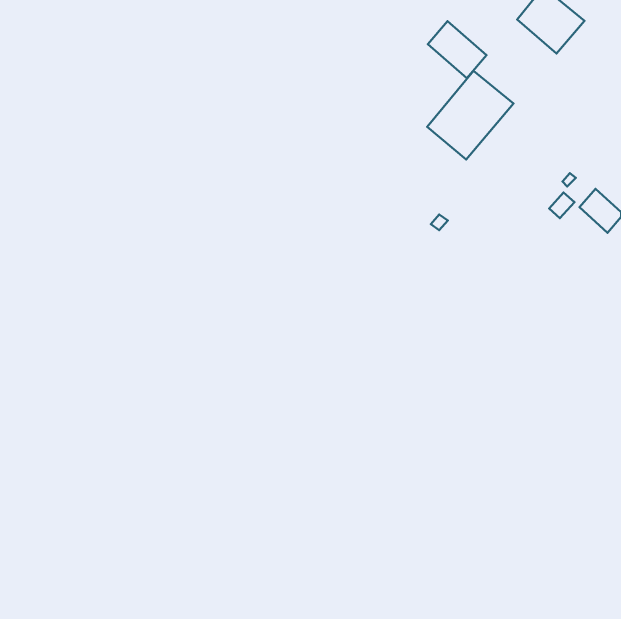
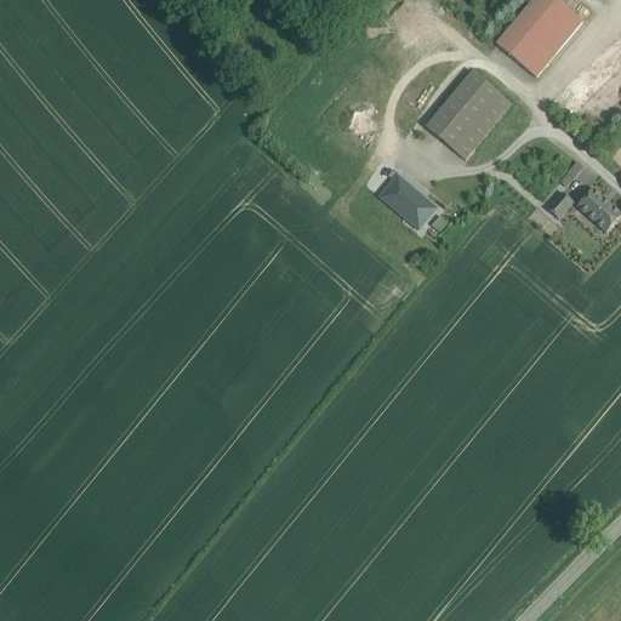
building: [428,21,486,78] -> [495,19,553,76]
building: none -> [378,175,434,228]

